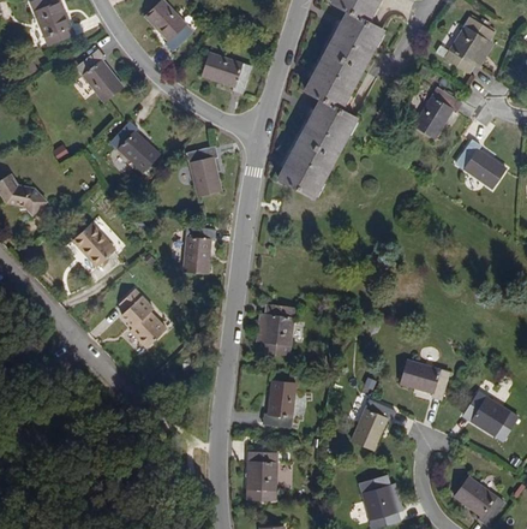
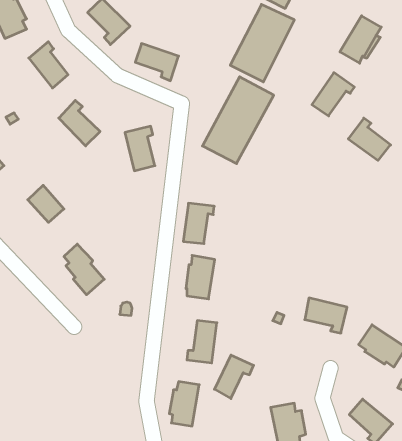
building: [184,234,220,281] -> [183,203,214,244]
building: [347,406,393,457] -> [214,355,254,399]

